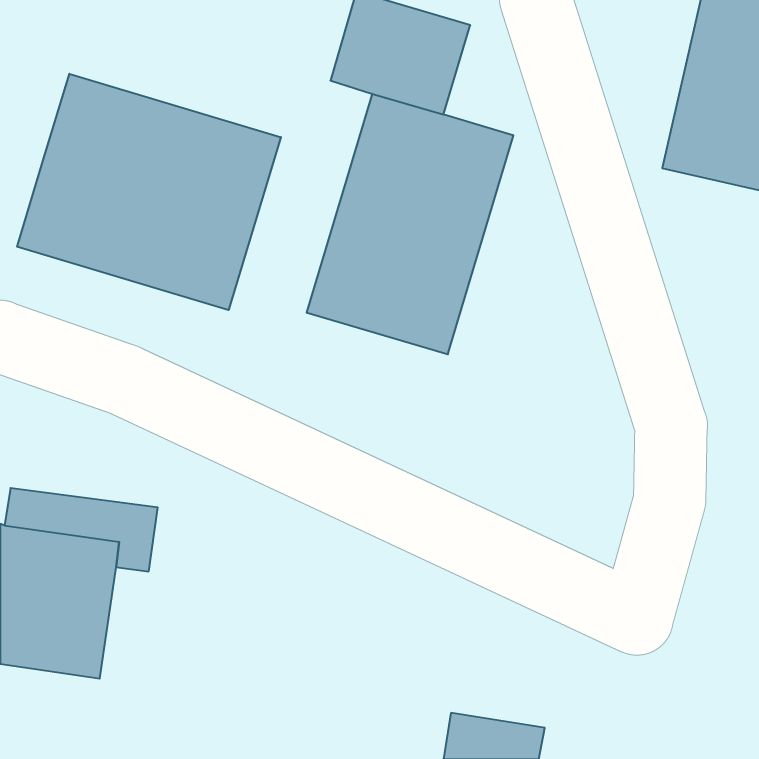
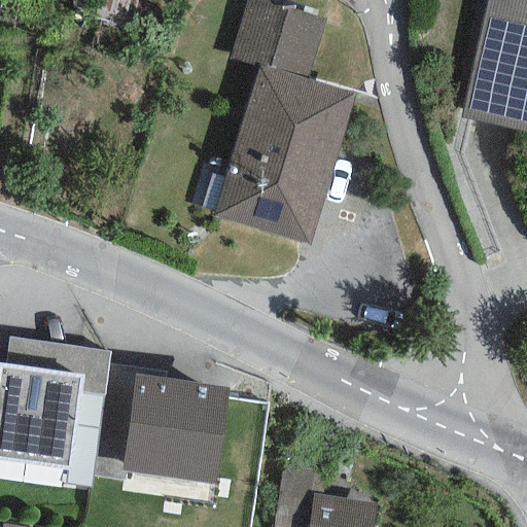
building: [17,74,281,310] -> none
building: none -> [121,374,227,484]

